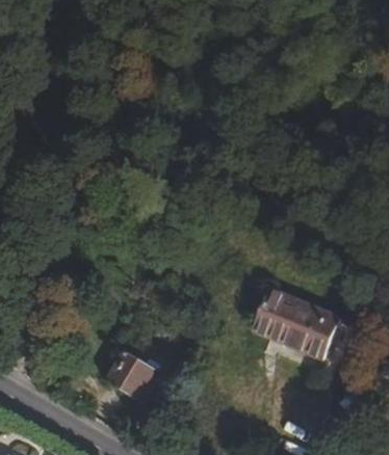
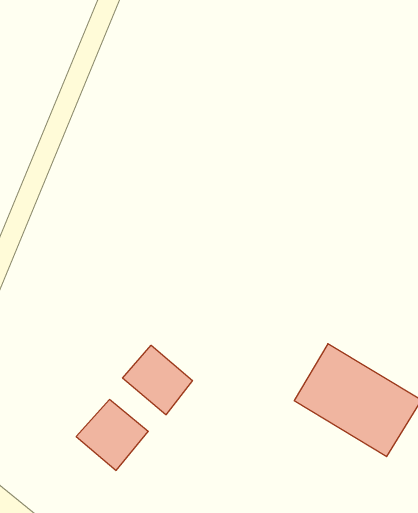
building: none -> [123,345,192,415]

